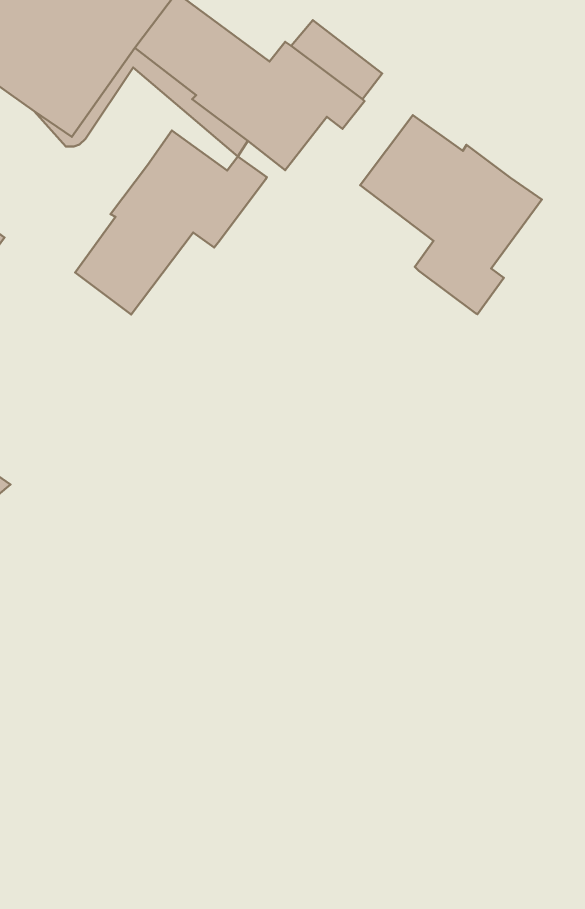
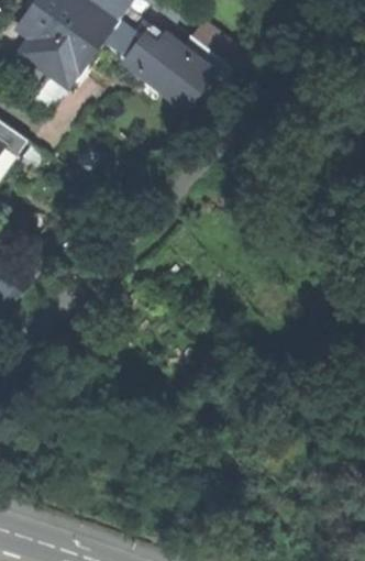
building: [360,115,542,314] -> none
building: [75,130,267,315] -> none

